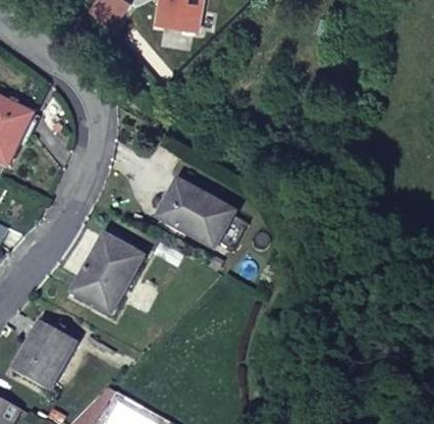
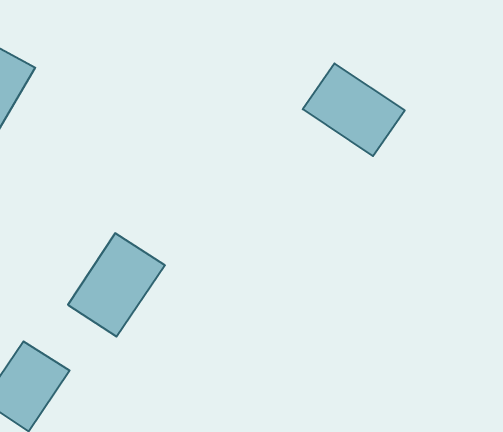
building: [158,179,235,248] -> [303,63,405,156]

